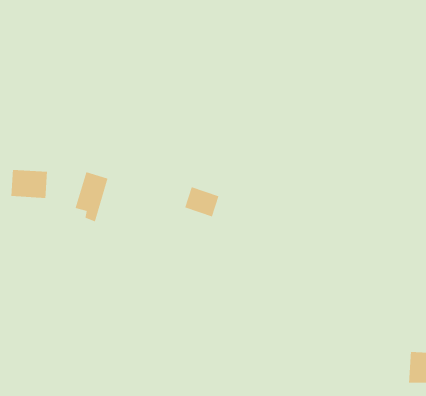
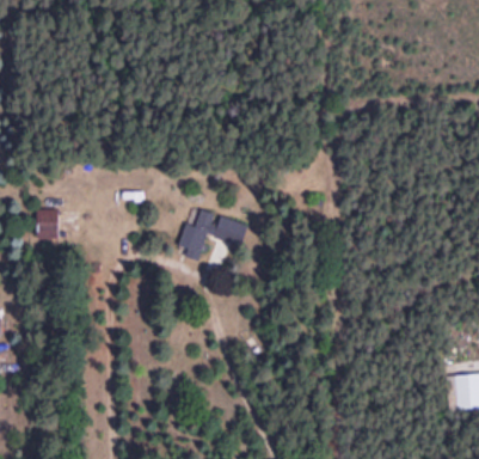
building: [75,171,109,222] -> [179,207,213,259]

